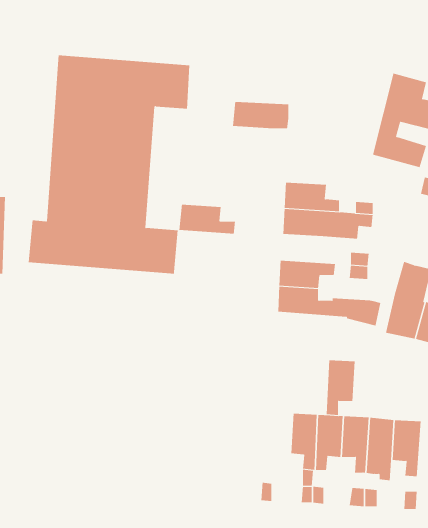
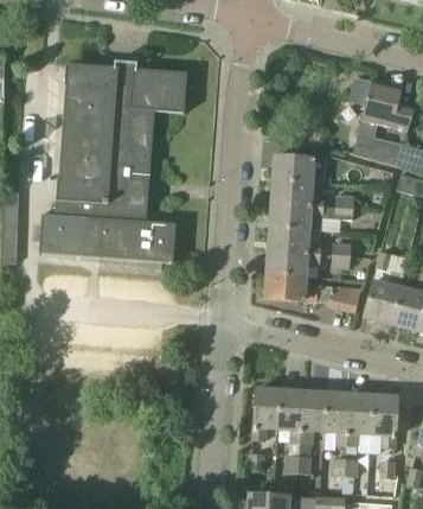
building: [232,102,289,129] -> [274,155,326,180]
building: [179,204,236,234] -> [269,225,321,253]
building: [326,360,356,416] -> [254,388,281,439]

